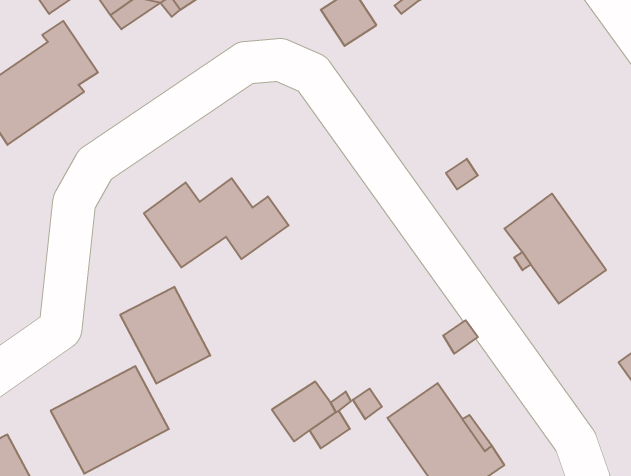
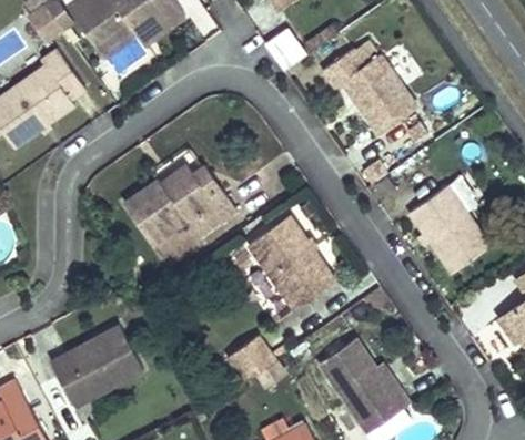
building: none -> [325,42,420,135]
building: none -> [158,162,221,197]
building: none -> [245,214,335,309]
building: [120,287,210,384] -> none

